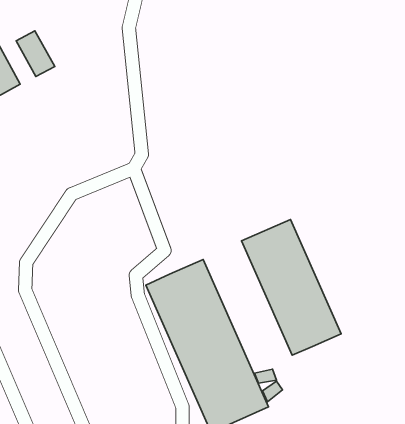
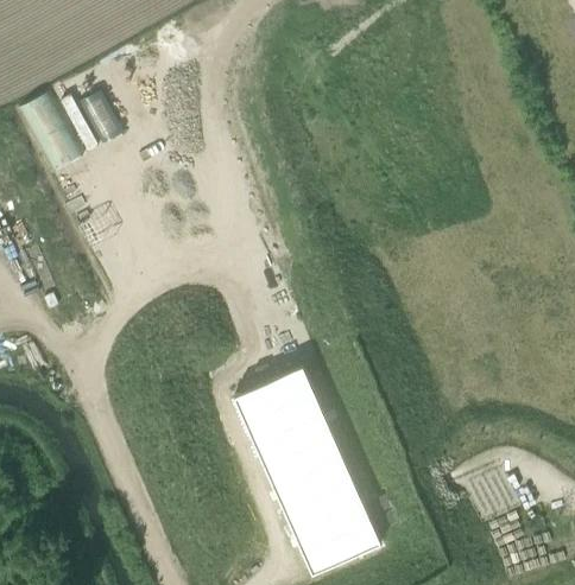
building: [241,219,341,355] -> none

